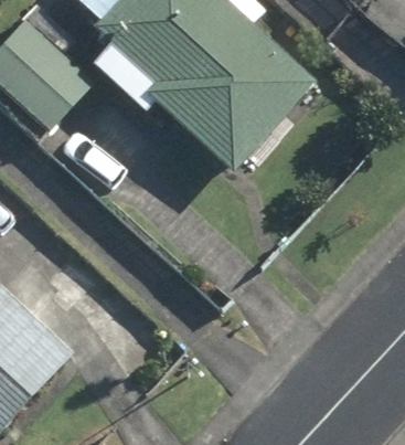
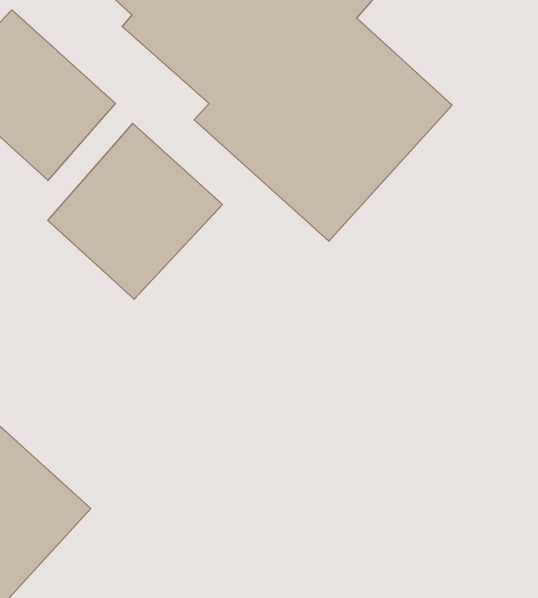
building: none -> [48,123,222,299]

